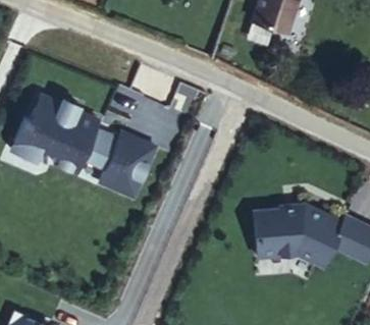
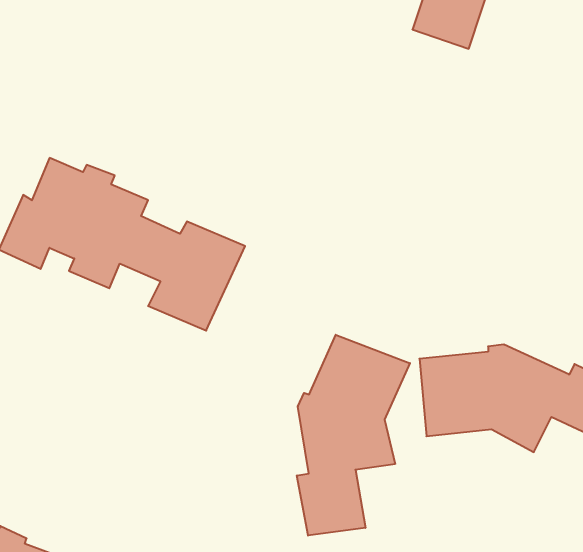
building: none -> [297,335,410,536]

